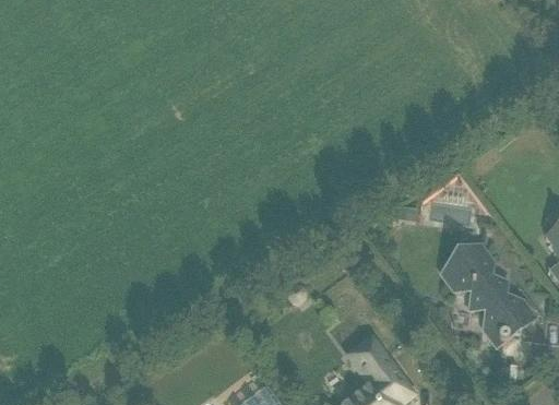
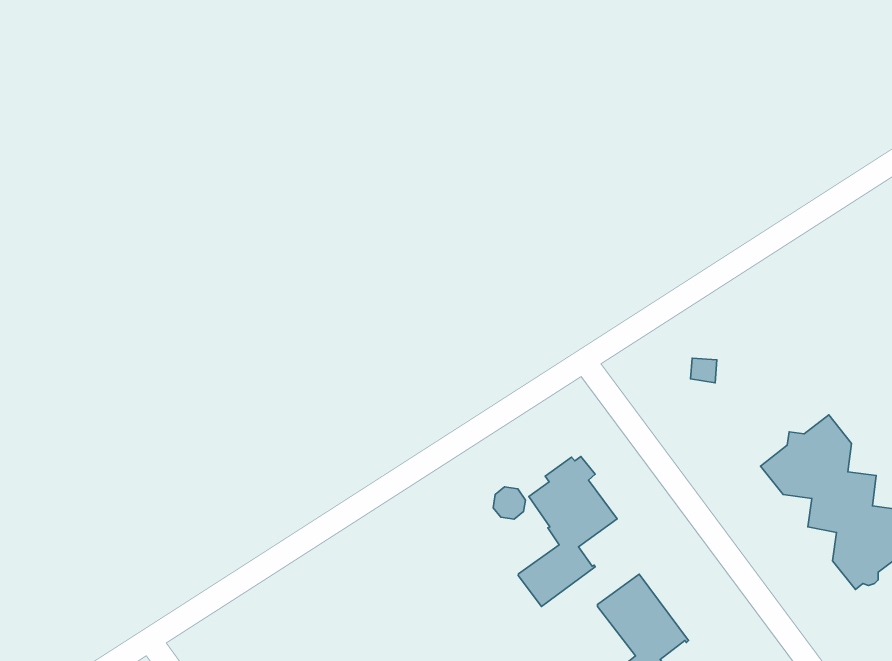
building: none -> [518,456,617,606]

